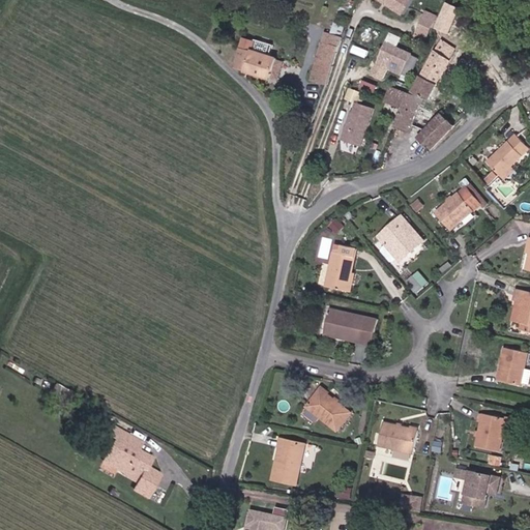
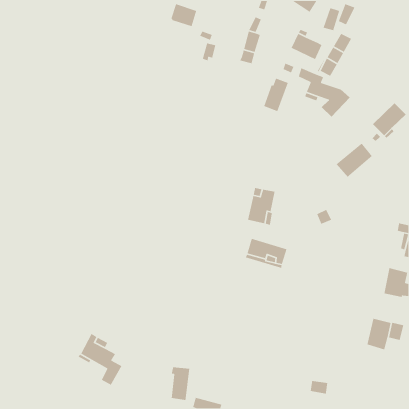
building: [233,46,267,77] -> [171,3,197,27]
building: [380,219,420,260] -> none
building: [302,389,346,432] -> none
building: [380,422,420,453] -> none
building: [276,440,301,484] -> [171,367,190,401]
building: [451,466,494,510] -> none

